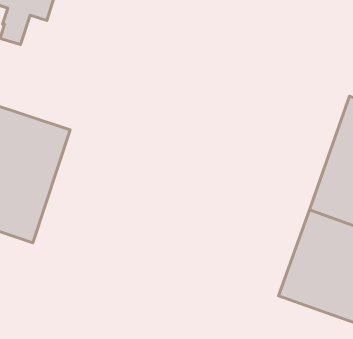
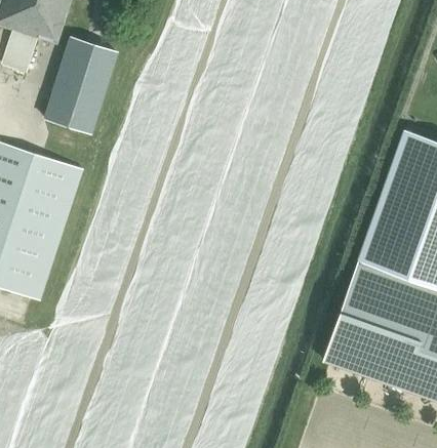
building: none -> [43,36,117,132]

